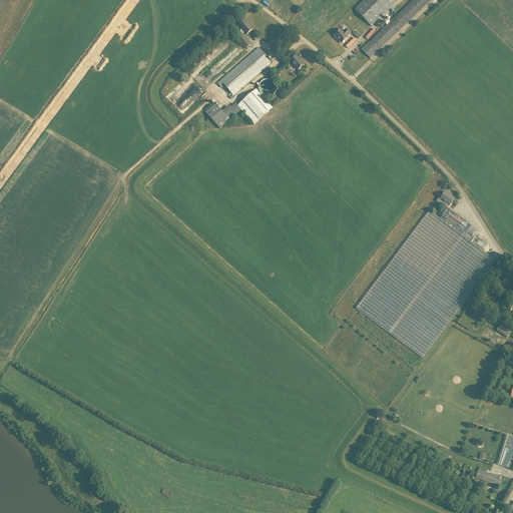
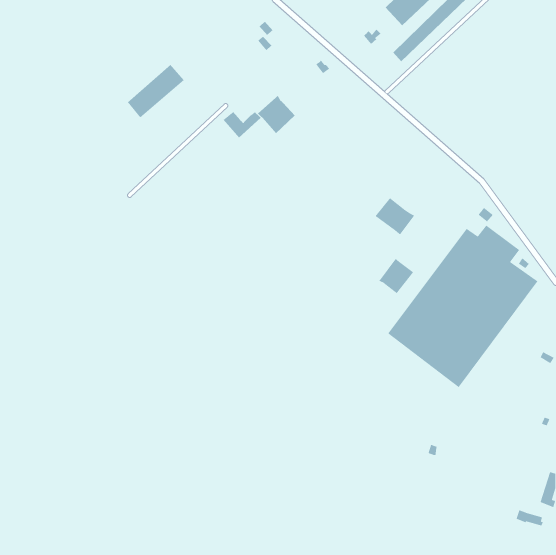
building: [217,46,271,96] -> [127,64,185,118]
building: none -> [374,197,415,236]
building: none -> [378,258,414,294]

